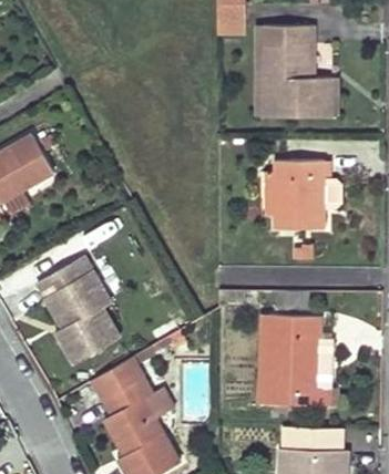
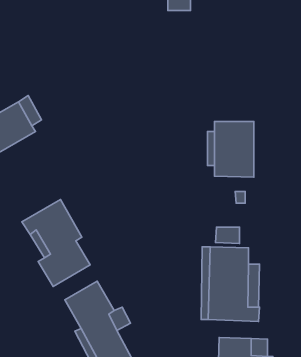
building: [262,24,337,115] -> none

